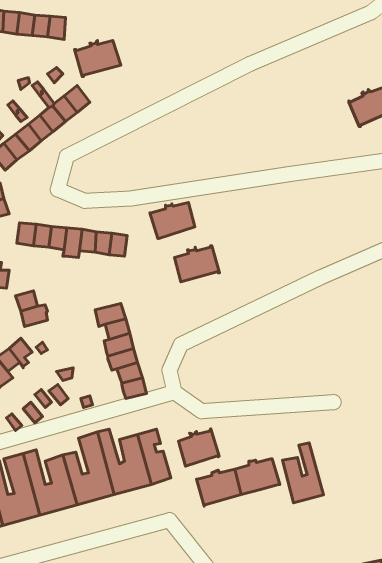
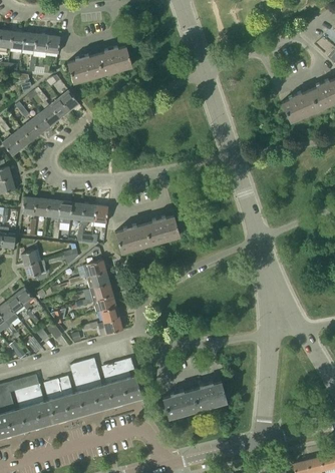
building: none -> [96,46,131,74]
building: [150,202,195,238] -> [114,224,149,253]
building: [178,429,219,466] -> none
building: [282,443,323,503] -> none

